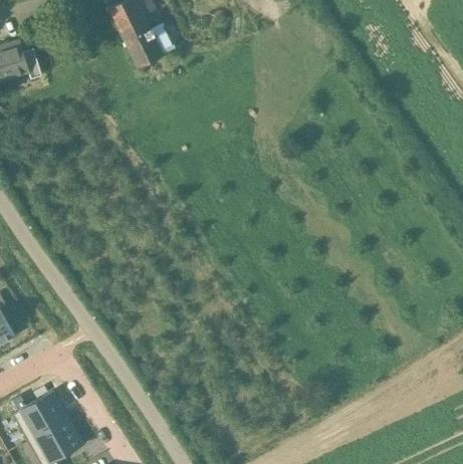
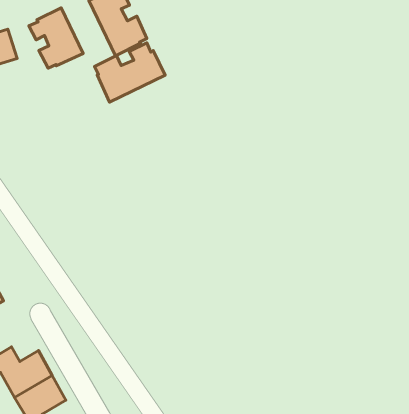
building: none -> [29,8,83,68]
building: none -> [95,43,165,102]

